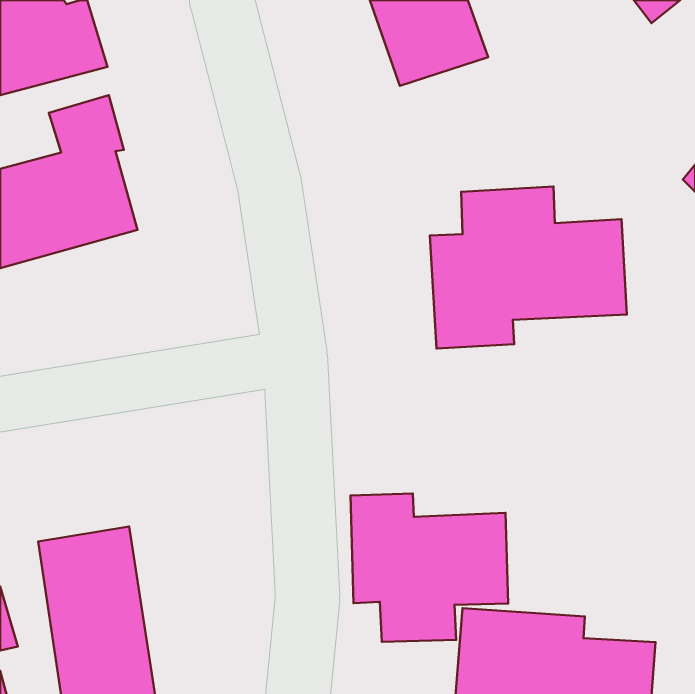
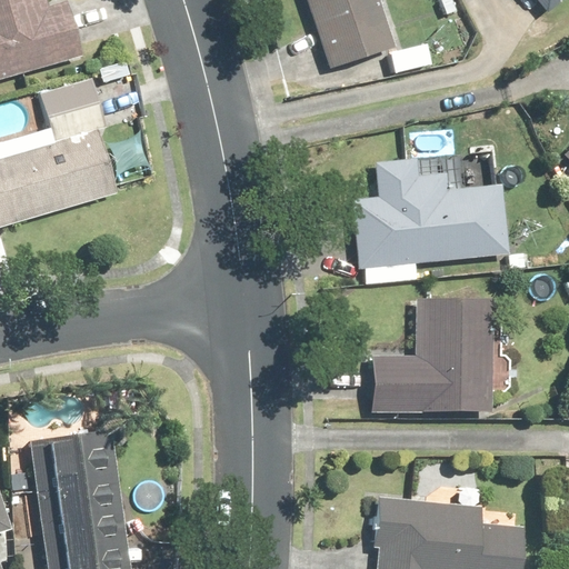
building: none -> [365,296,496,417]
building: [351,493,508,642] -> none

